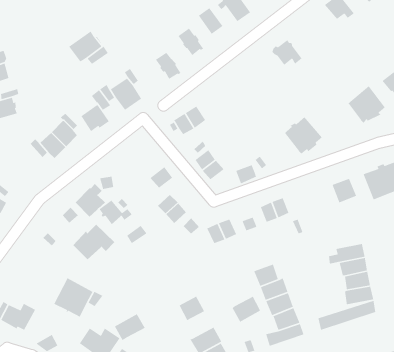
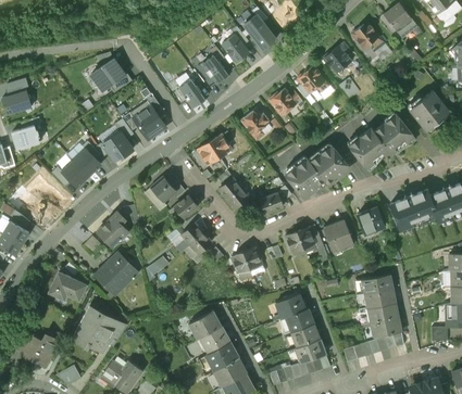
building: none -> [323,42,351,73]
building: none -> [269,88,300,115]
building: none -> [240,109,269,140]
building: none -> [349,127,387,167]
building: none -> [285,157,324,196]
building: none -> [323,219,353,253]
building: [99,199,133,225] -> [150,176,185,202]
building: none -> [49,272,86,301]
building: [231,295,261,323] -> [208,342,238,370]
building: [114,313,146,341] -> [188,312,221,340]

